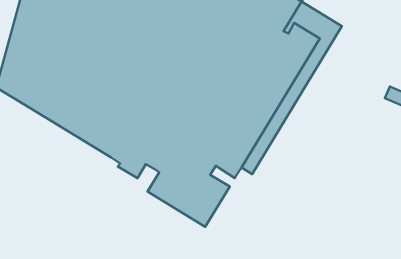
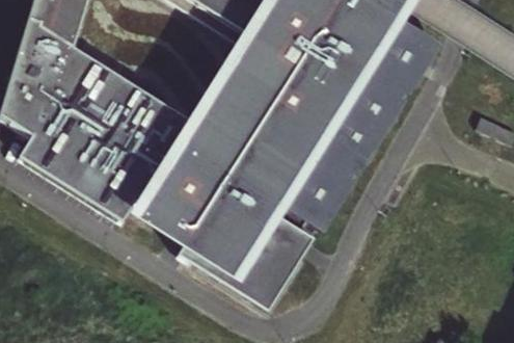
building: none -> [21,137,144,226]
building: none -> [180,215,315,311]

